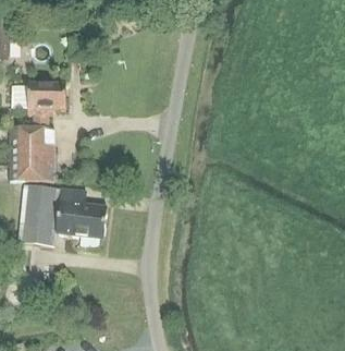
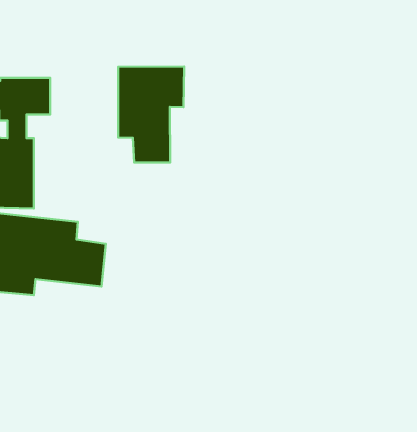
building: none -> [118,66,184,163]

